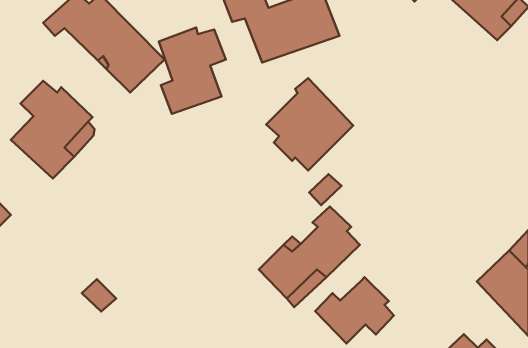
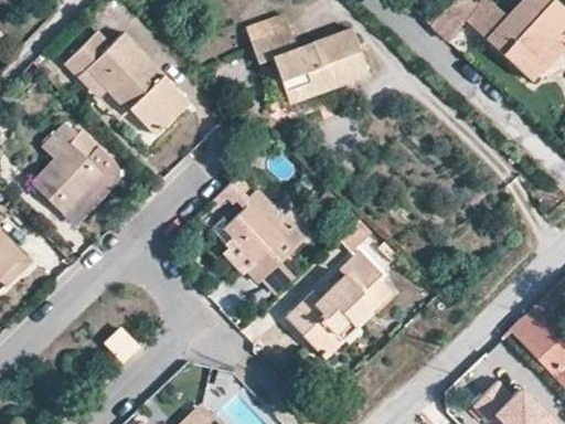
building: [159,28,226,114] -> none
building: [266,78,353,171] -> [215,189,305,284]
building: [315,277,394,343] -> none

